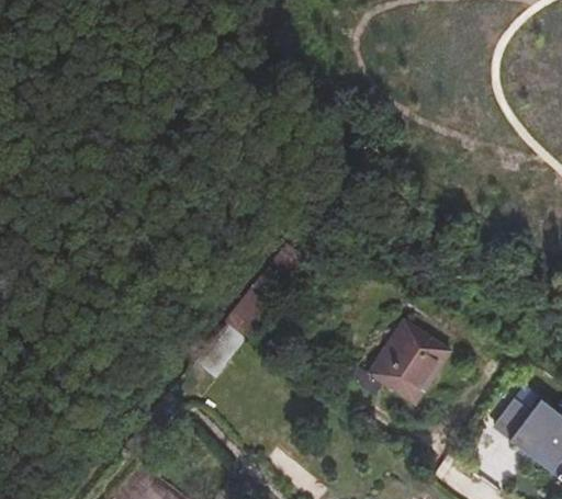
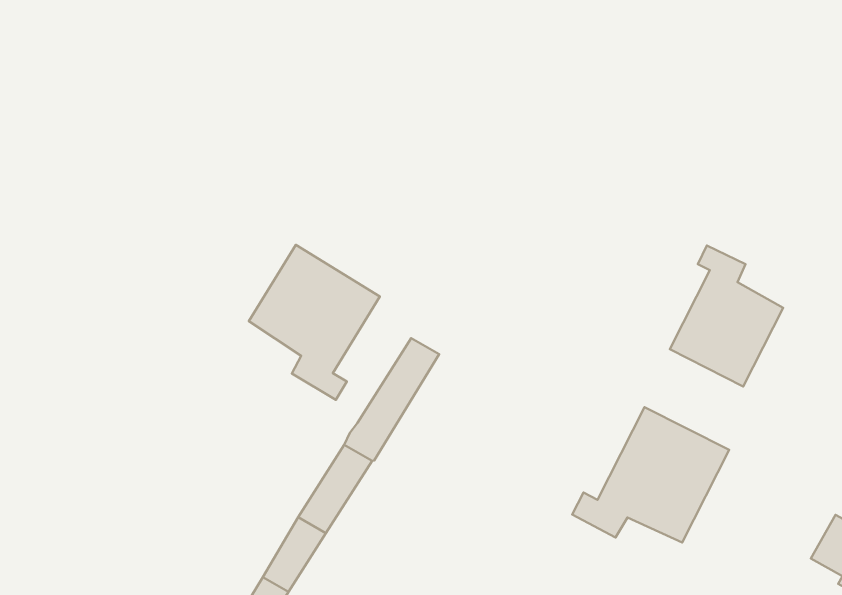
building: none -> [249,245,380,400]
building: none -> [670,245,783,387]

